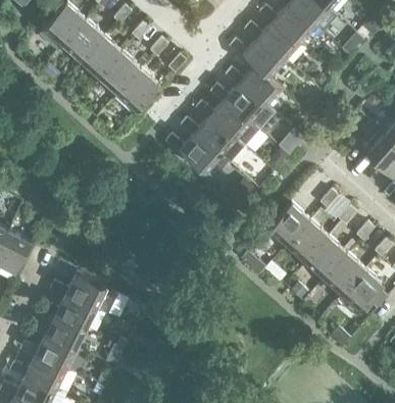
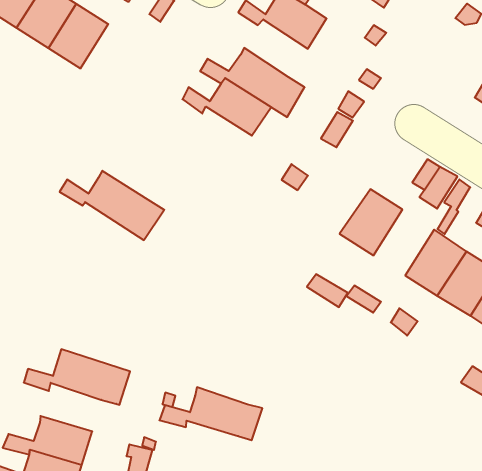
building: [117,67,158,109] -> none
building: [209,81,265,120] -> none
building: [164,131,230,180] -> [60,171,164,240]
building: [286,217,328,260] -> none
building: [38,292,105,332] -> [159,387,262,440]

